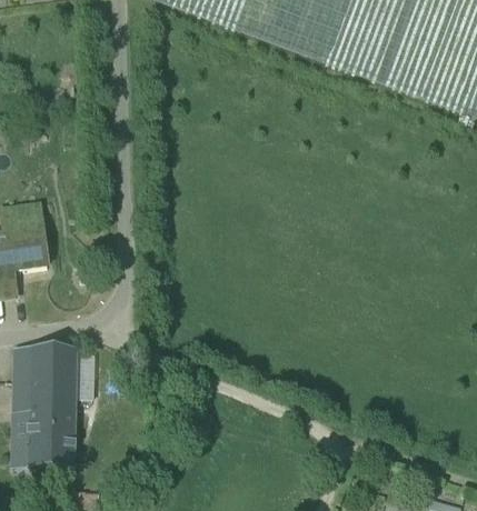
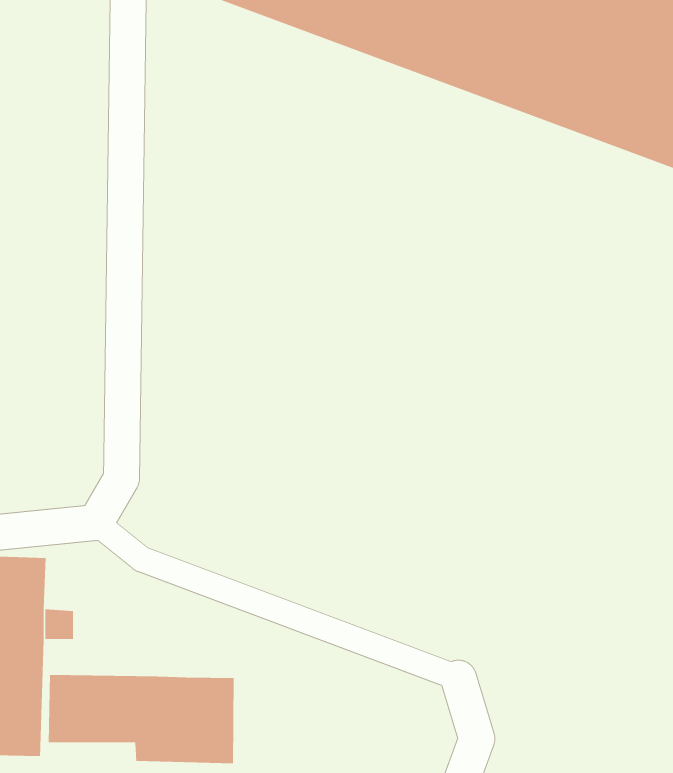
building: none -> [48,674,235,764]

